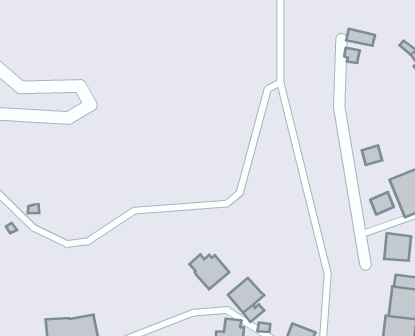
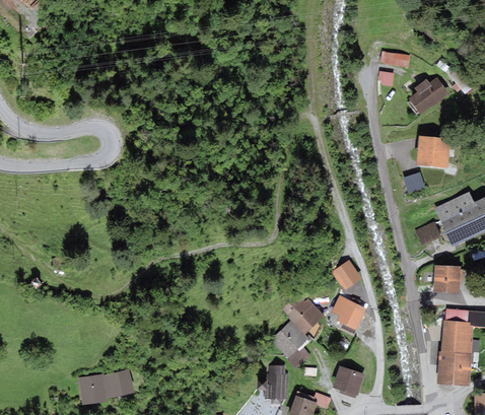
building: none -> [409,78,449,116]
building: none -> [416,136,449,168]
building: none -> [331,260,361,290]
building: [189,254,229,289] -> [282,298,325,335]
building: none -> [332,296,366,330]

